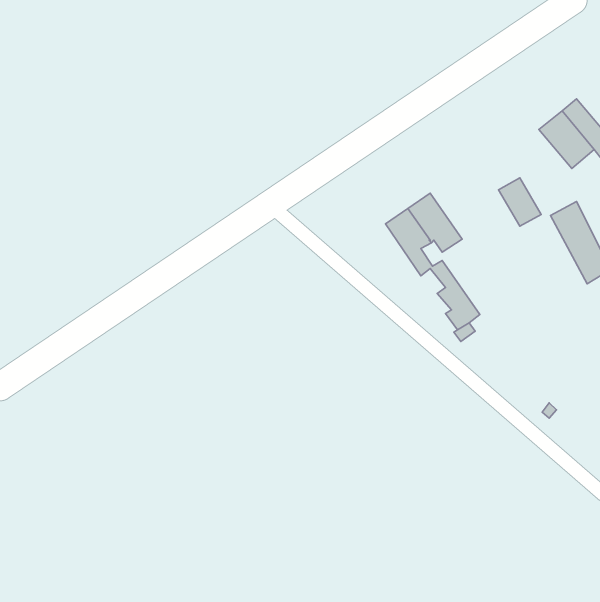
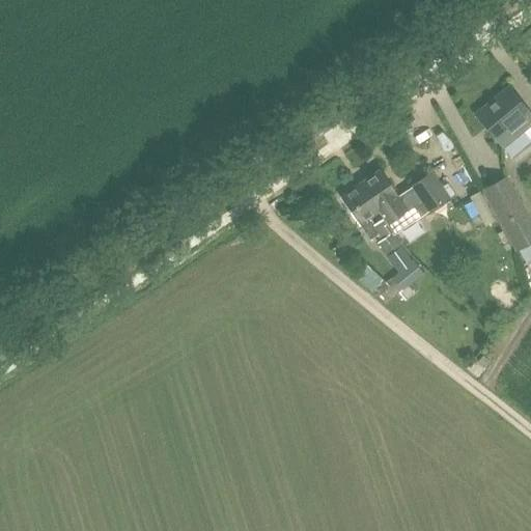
building: none -> [412,173,449,213]

